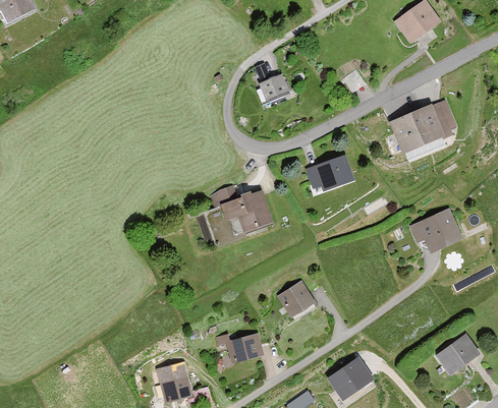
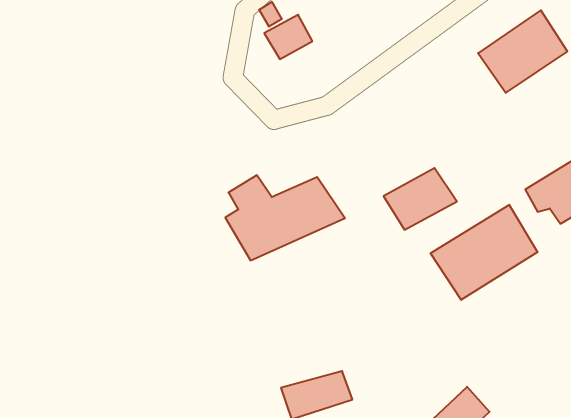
building: [312,155,364,195] -> [384,168,457,230]
building: none -> [431,205,538,300]
building: [277,279,319,320] -> none

